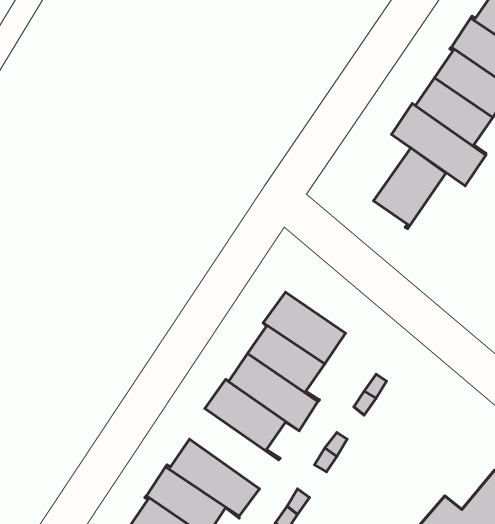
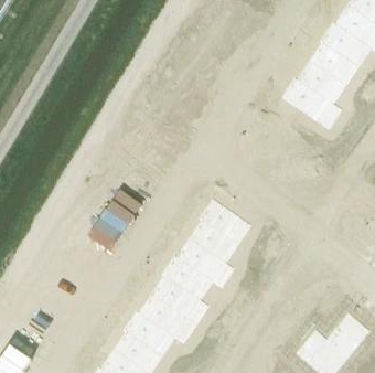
building: [373,148,446,228] -> none
building: none -> [152,275,210,327]

